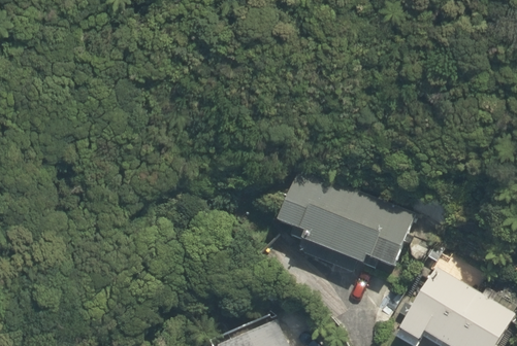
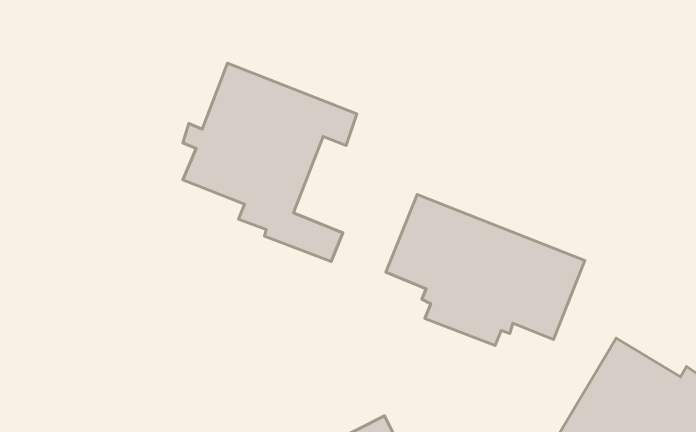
building: none -> [183,63,357,261]

